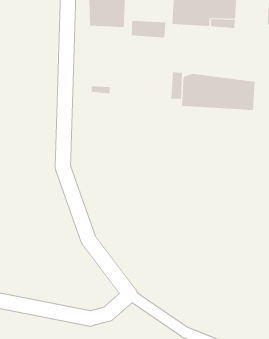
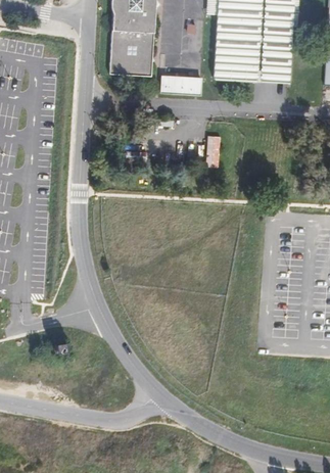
building: [182,73,255,111] -> none

